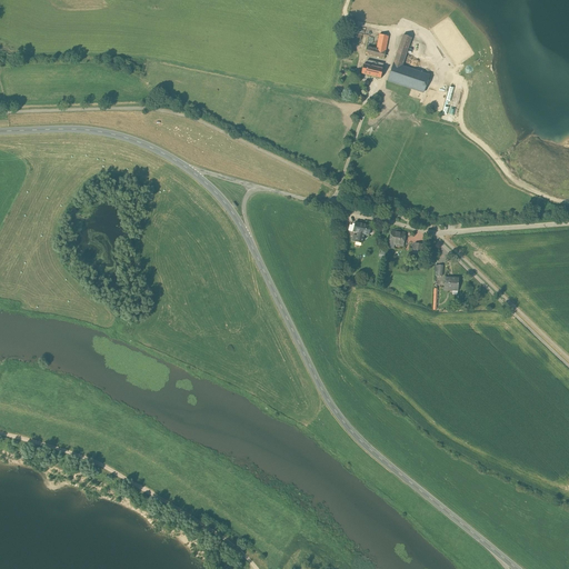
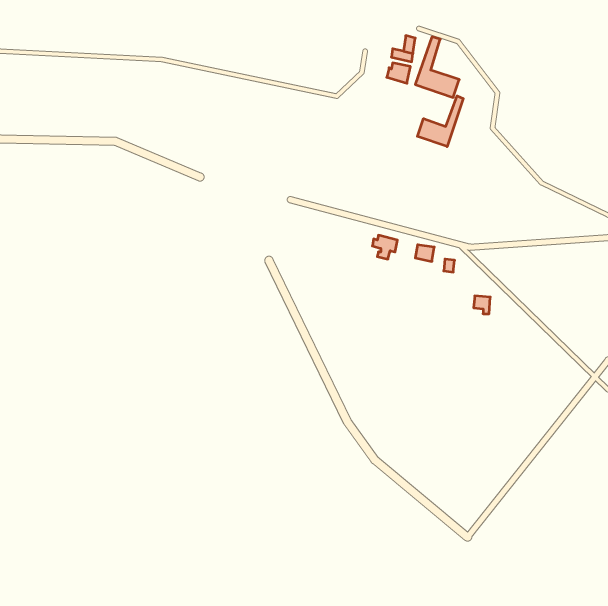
building: none -> [417,96,463,147]

